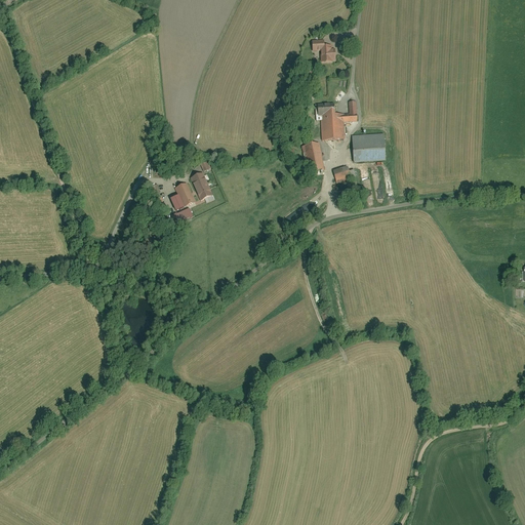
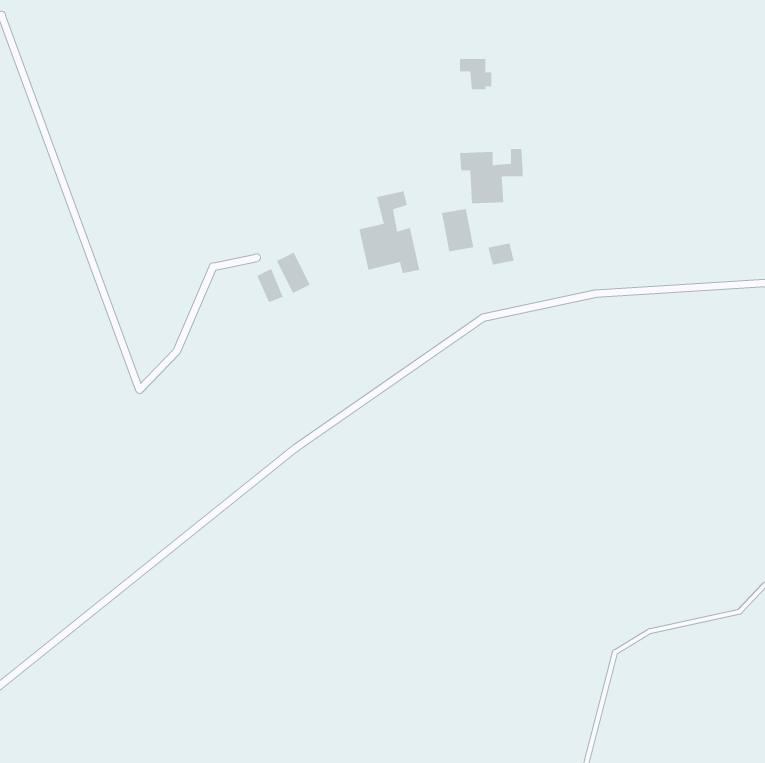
building: none -> [359,191,420,274]
building: [351,133,385,162] -> none

